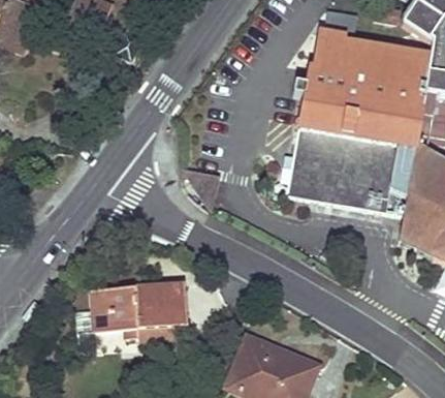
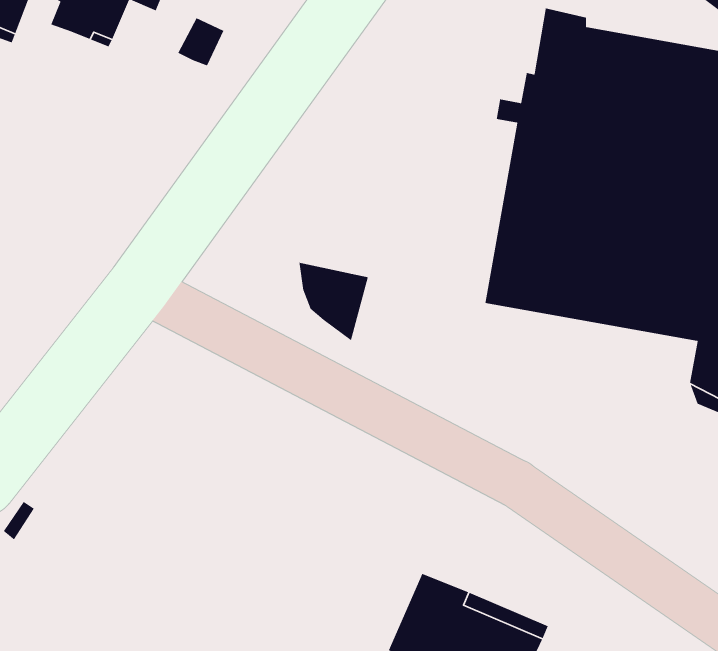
building: [91,281,190,336] -> none

